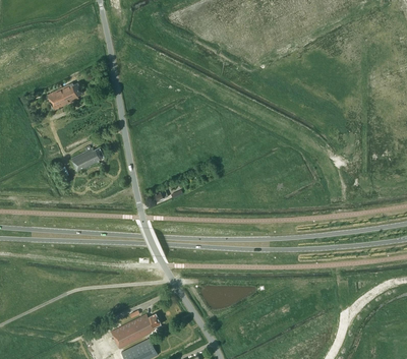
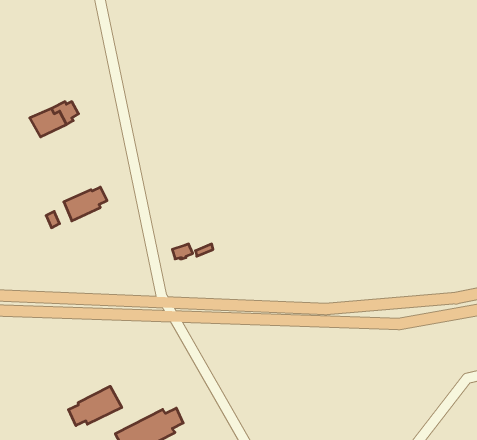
building: none -> [68,386,122,426]

